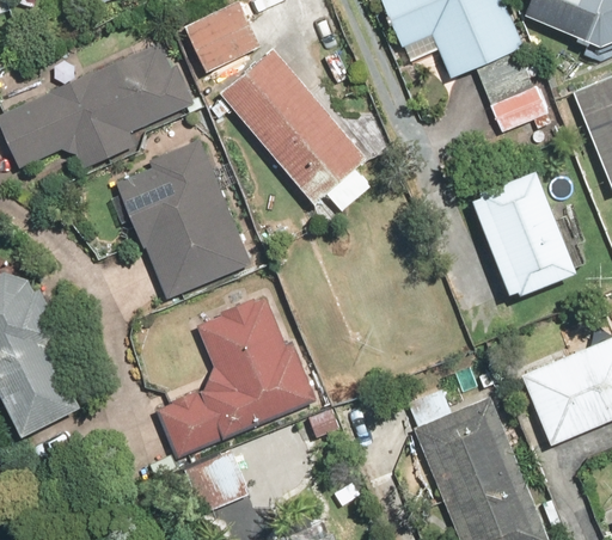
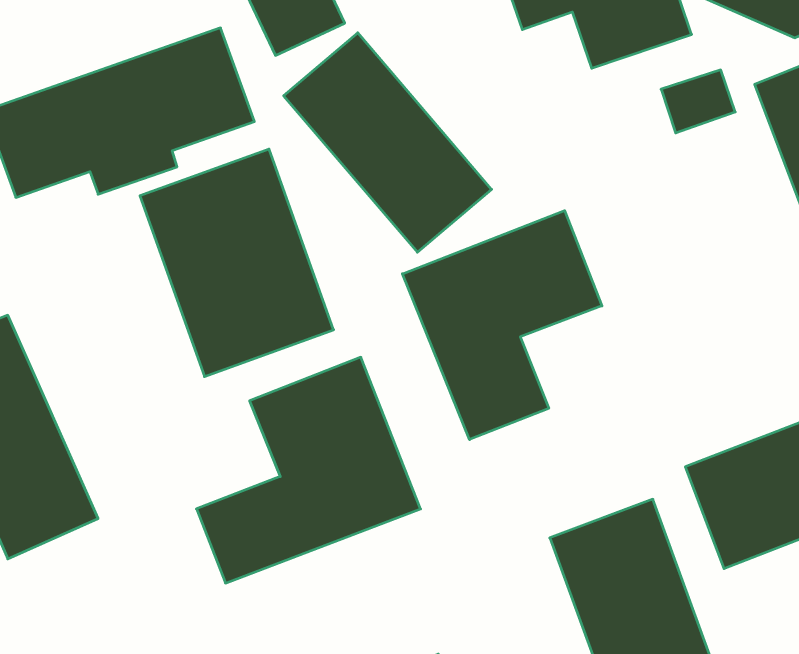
building: [466,168,579,307] -> none
building: none -> [402,211,602,440]

